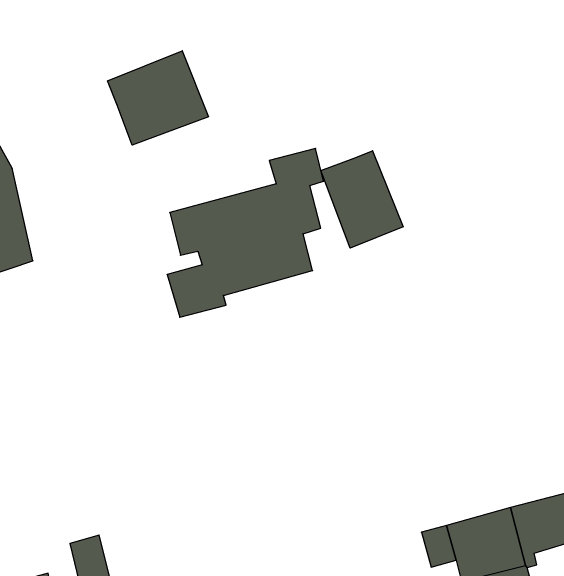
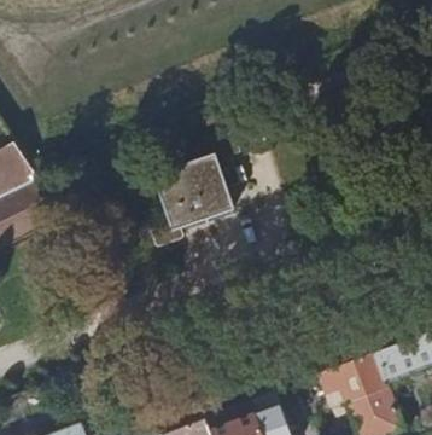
building: [108,51,209,145] -> none
building: [321,151,403,248] -> none

